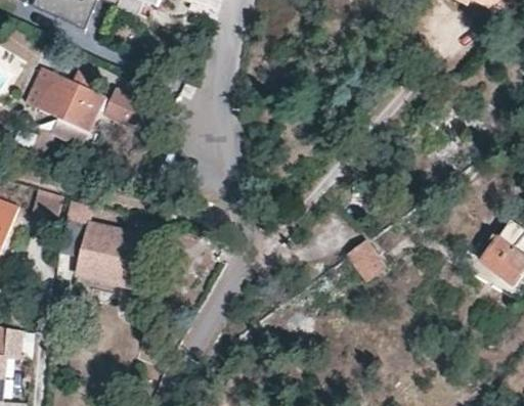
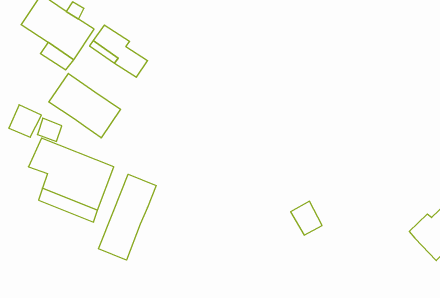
building: none -> [49,73,121,138]
building: none -> [98,174,156,260]

